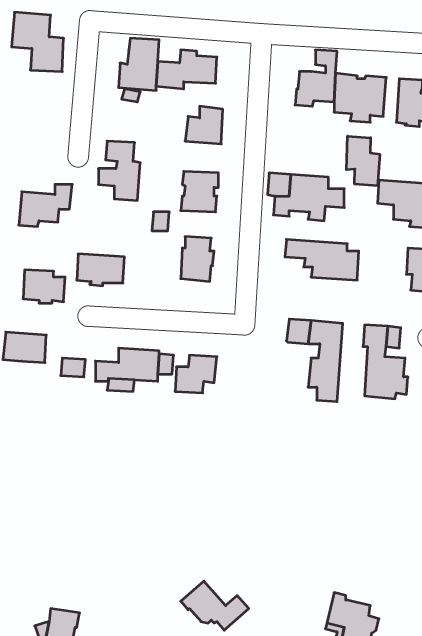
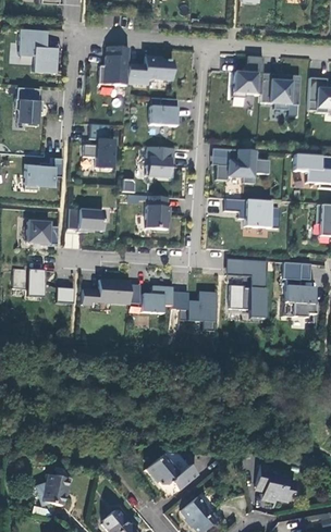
building: none -> [14,86,41,125]
building: [346,136,380,186] -> none
building: none -> [185,292,216,331]

